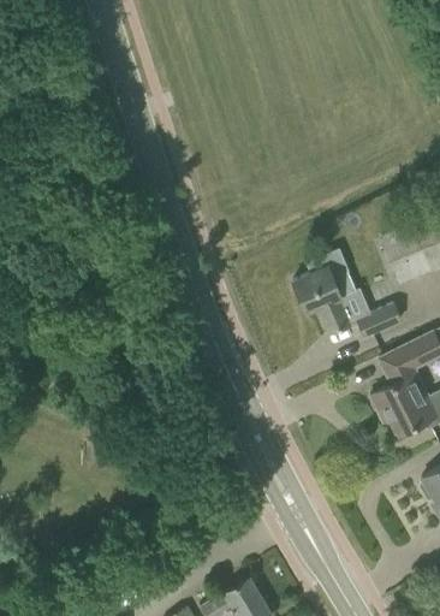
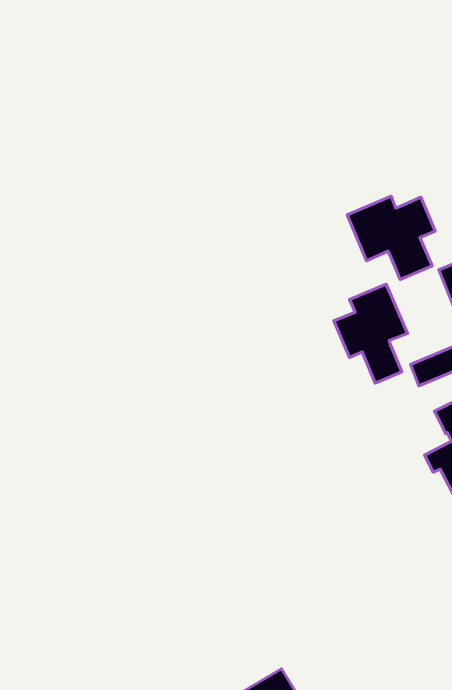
building: none -> [347,196,435,279]

